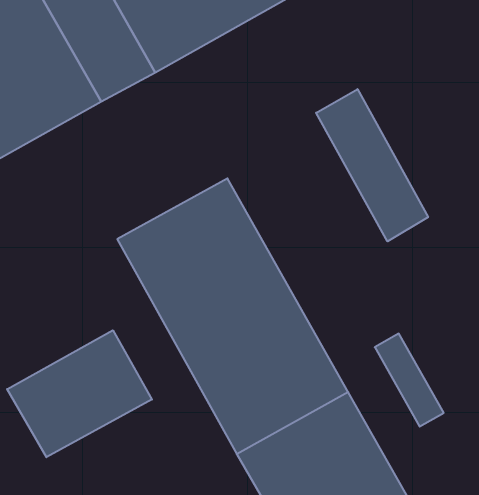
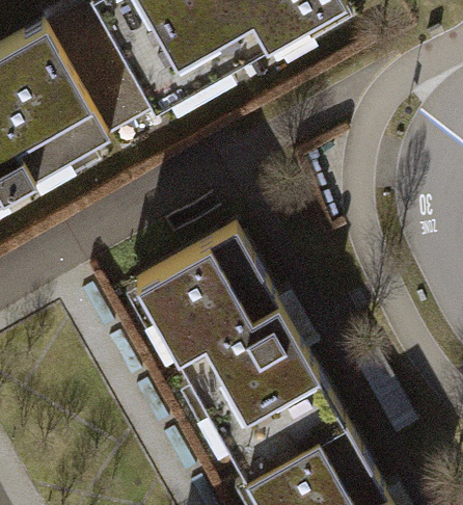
building: [316,89,428,241] -> none
building: [7,330,152,457] -> none

